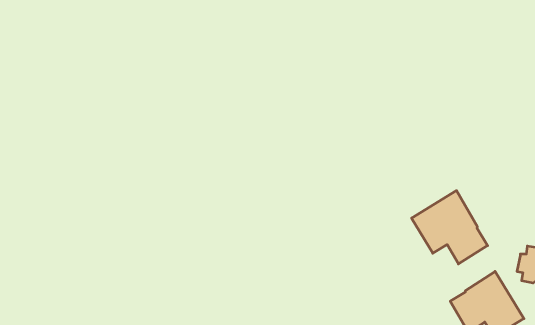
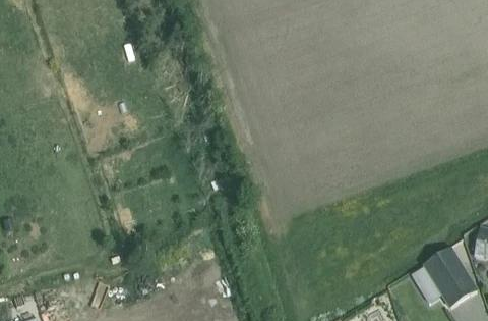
building: [412,191,488,264] -> none

